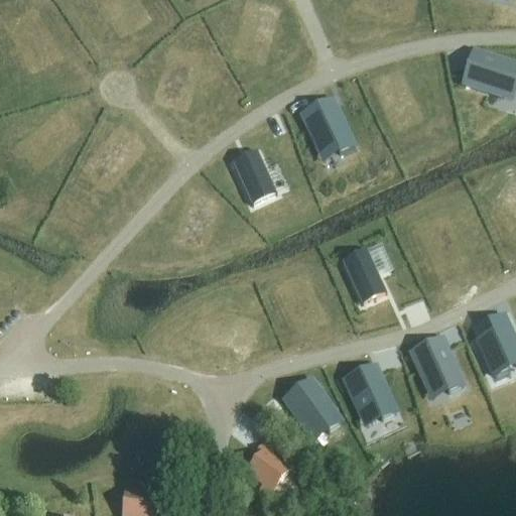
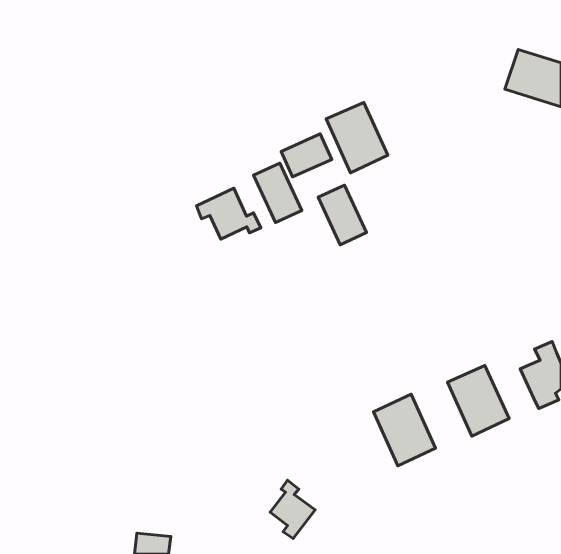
building: none -> [281,134,332,177]
building: none -> [196,188,261,239]
building: [341,248,385,302] -> [318,185,367,245]
building: [291,382,339,449] -> none

